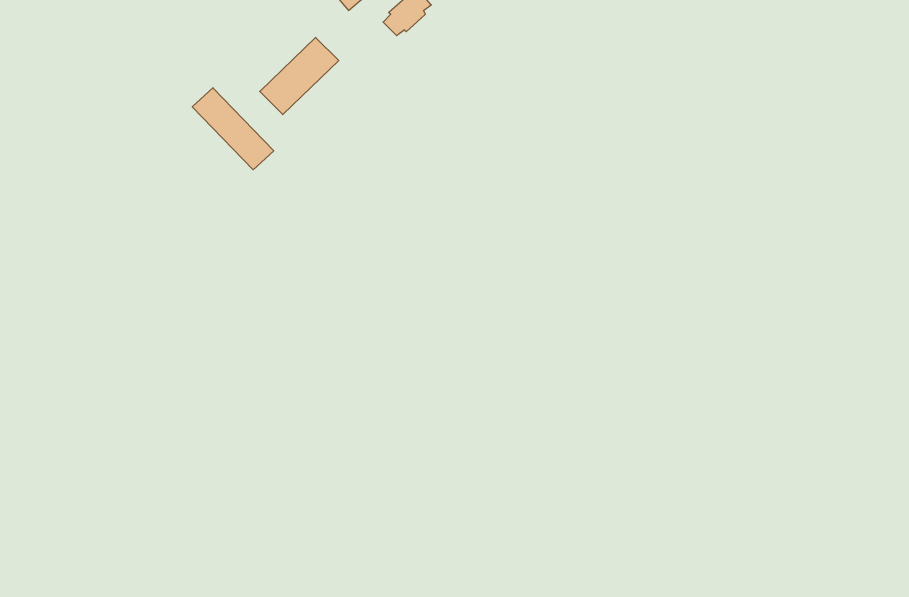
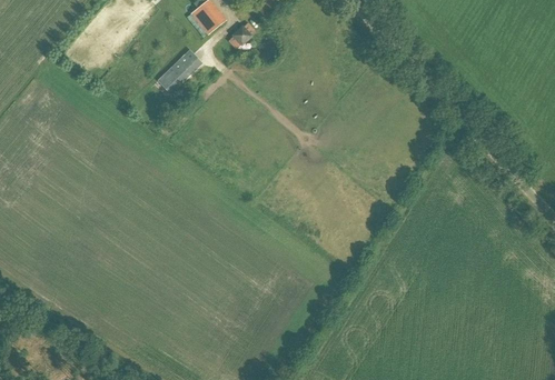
building: [192,88,274,170] -> none

